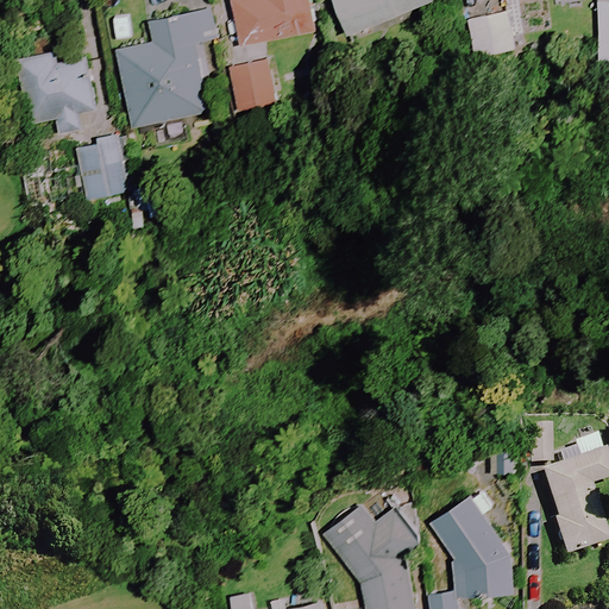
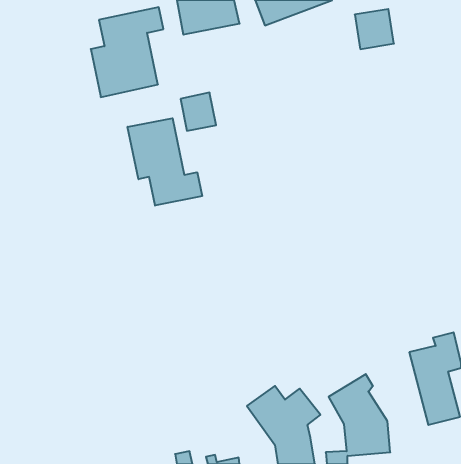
building: [17,45,101,134] -> none
building: [228,59,275,109] -> [181,93,216,131]
building: [77,137,134,197] -> none
building: none -> [128,118,202,206]

